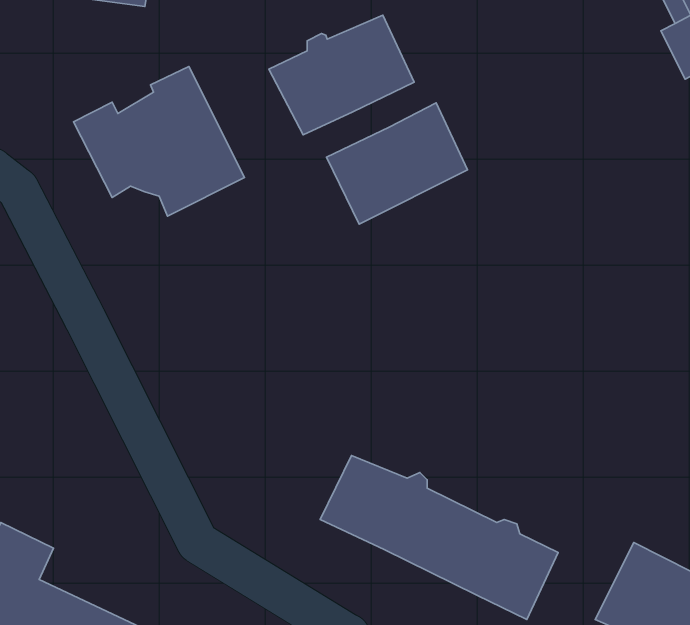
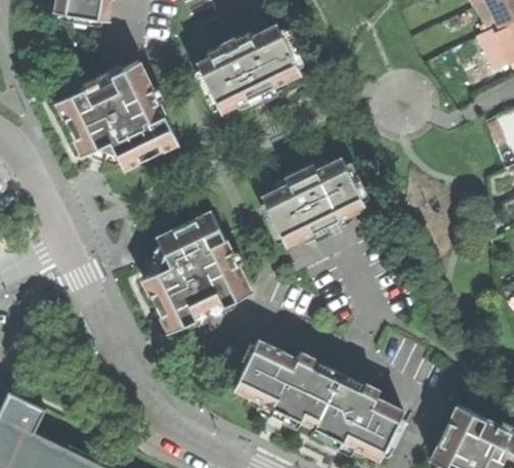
building: [326,103,468,224] -> [262,157,363,244]
building: none -> [142,211,250,331]

